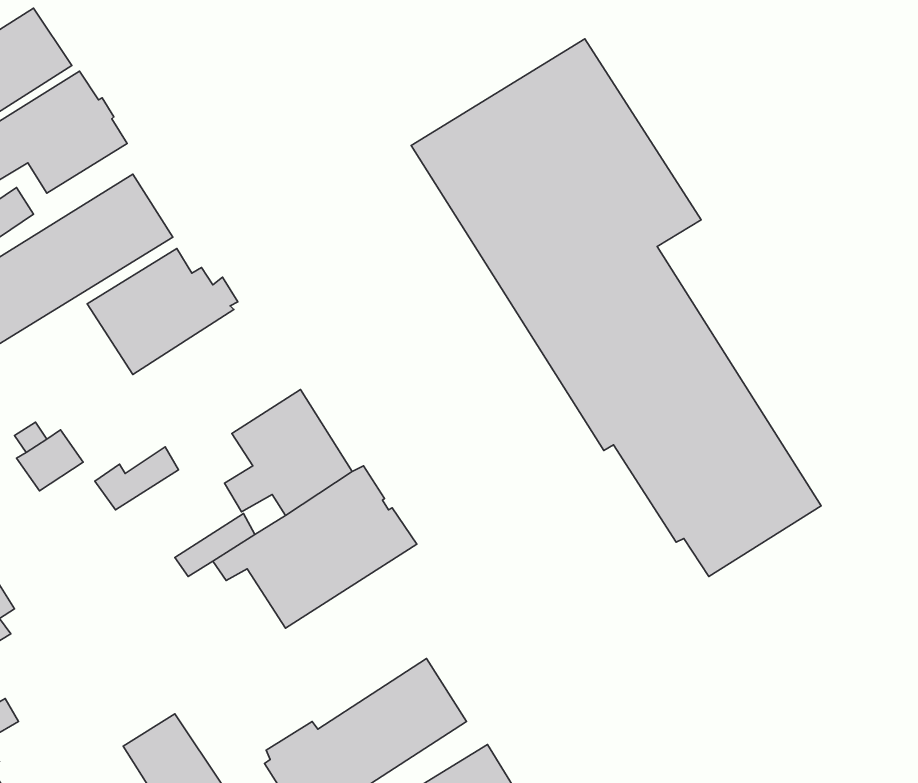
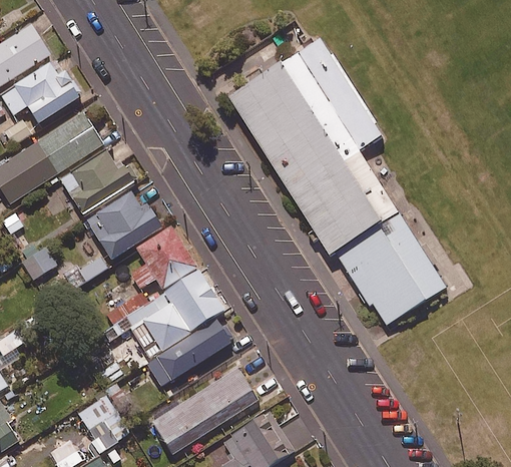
building: none -> [86,191,162,260]
building: none -> [147,320,232,386]

